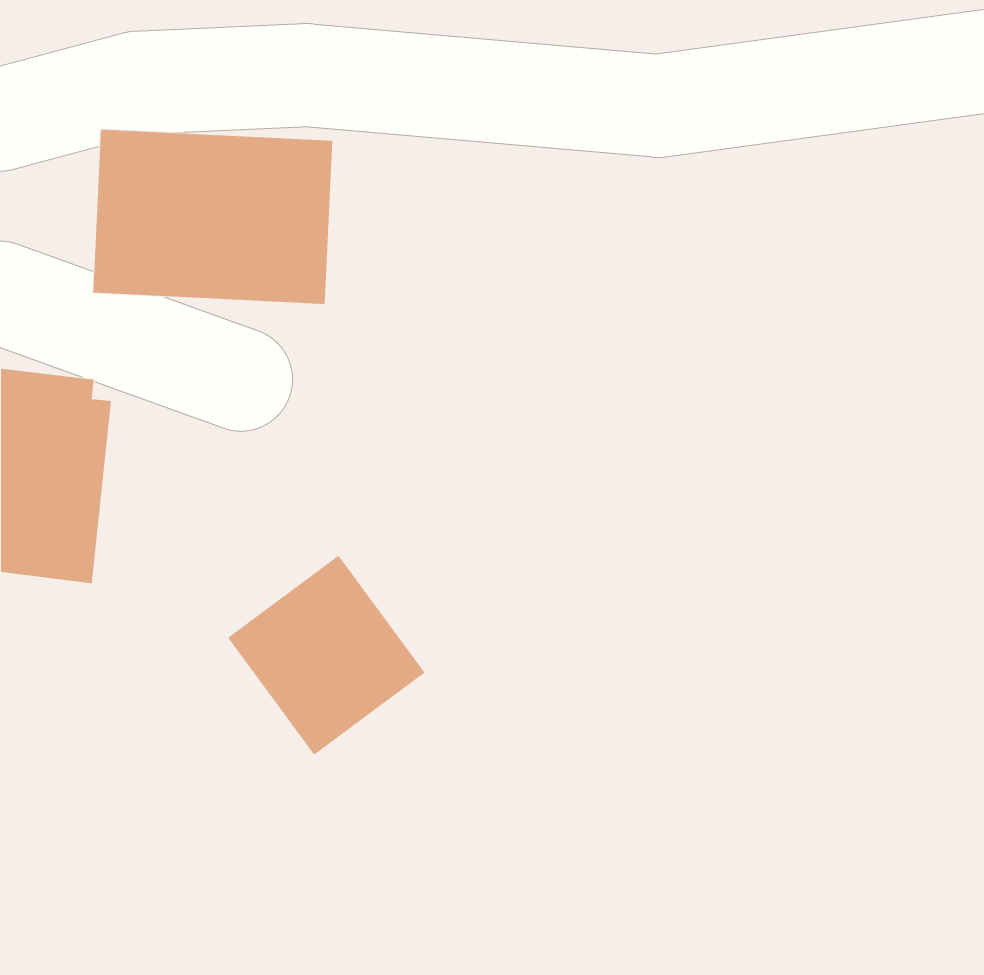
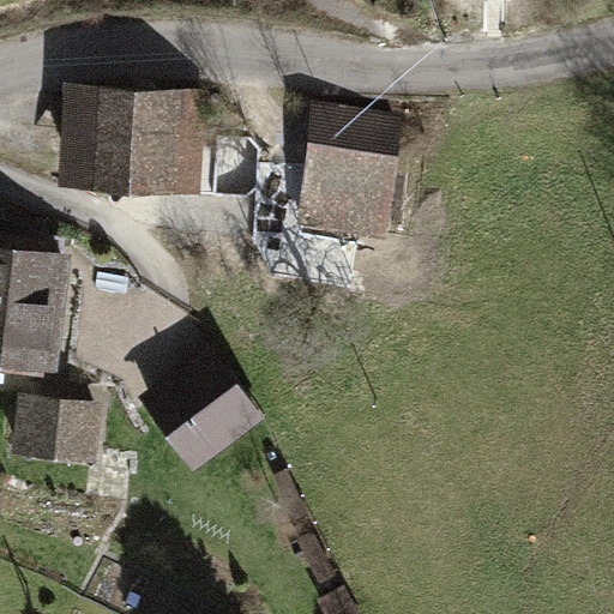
building: none -> [295,104,403,249]
building: none -> [12,397,101,465]

